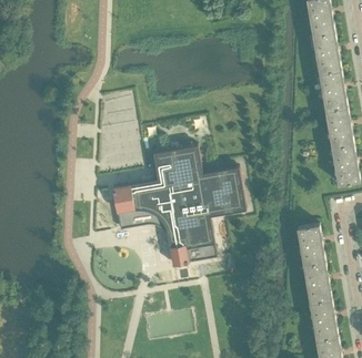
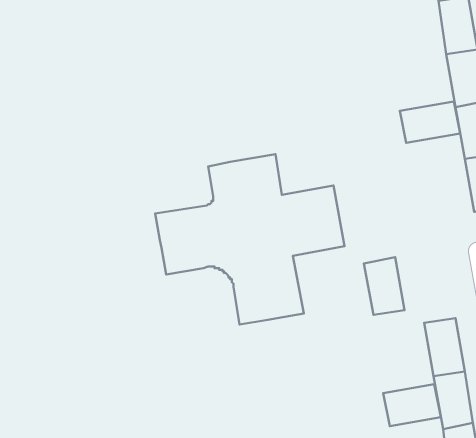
building: none -> [400,101,460,143]
building: [295,223,324,264] -> [364,257,405,315]
building: none -> [383,384,441,426]

